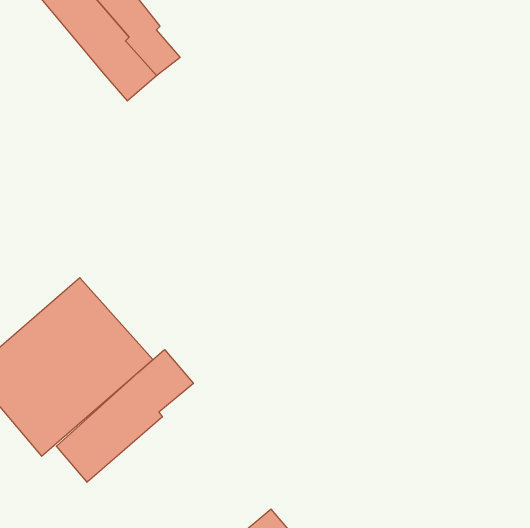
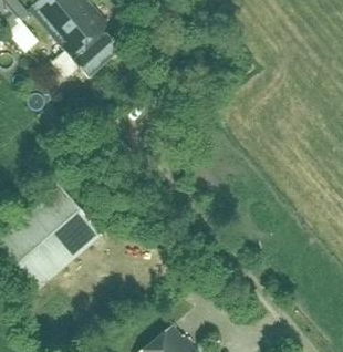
building: [56,350,193,482] -> none

